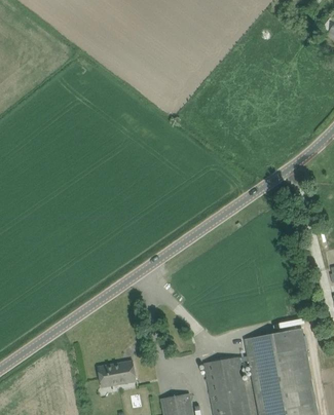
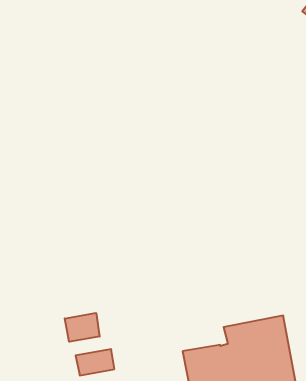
building: none -> [65,313,100,342]

